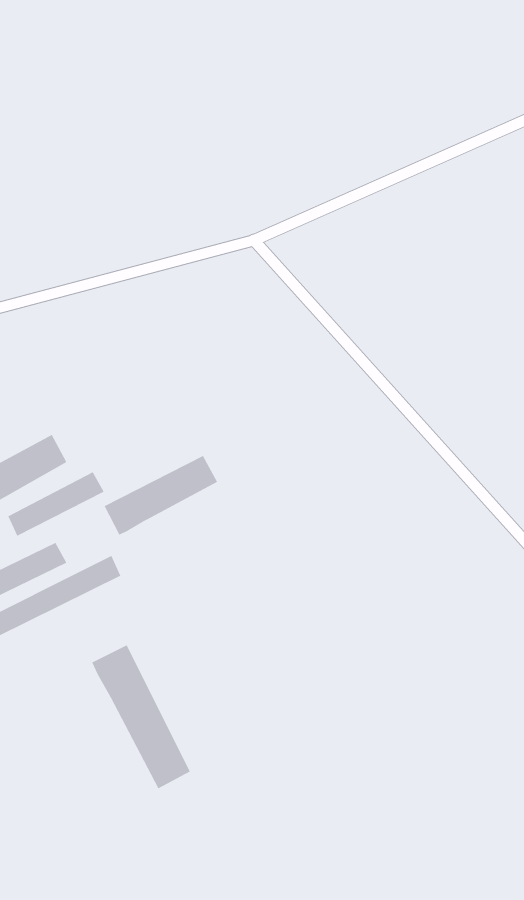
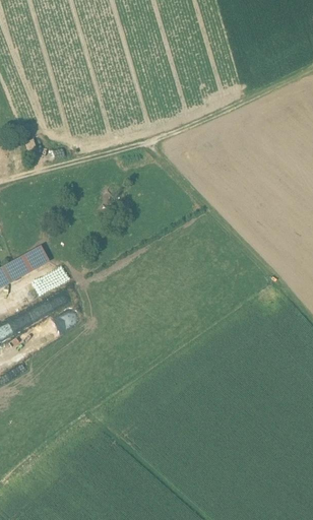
building: [104,455,218,535] -> none
building: [91,644,191,789] -> none

